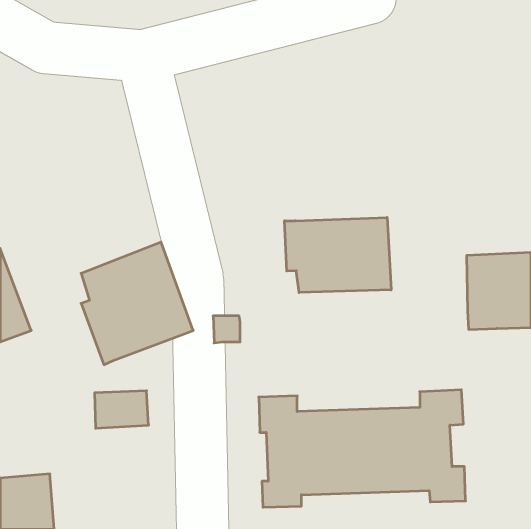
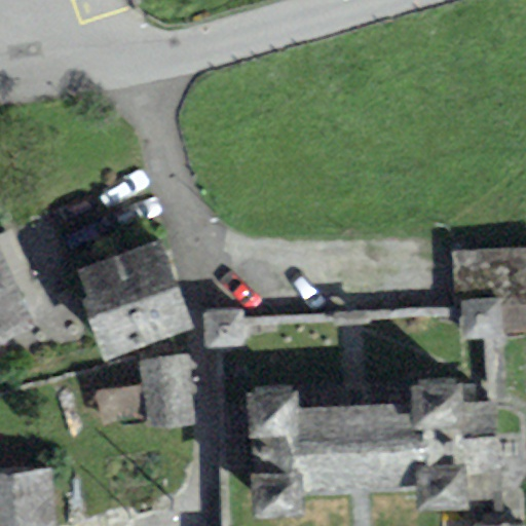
building: [285,217,391,293] -> none
building: none -> [142,354,196,429]

